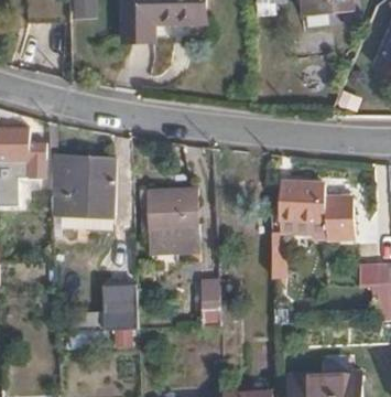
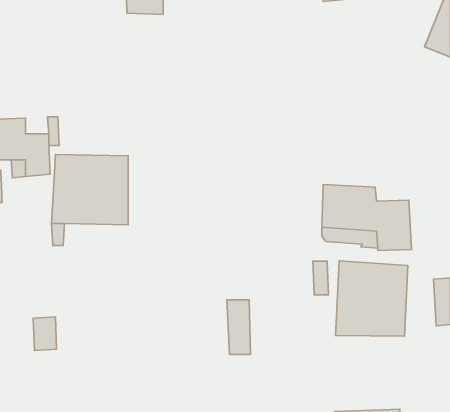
building: [148,189,199,258] -> none
building: none -> [335,261,408,336]
building: [104,286,139,331] -> none

